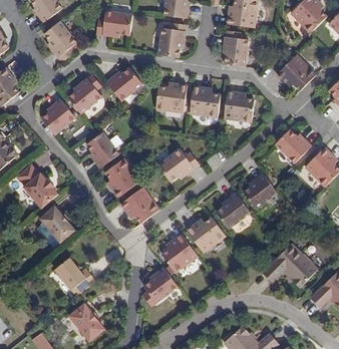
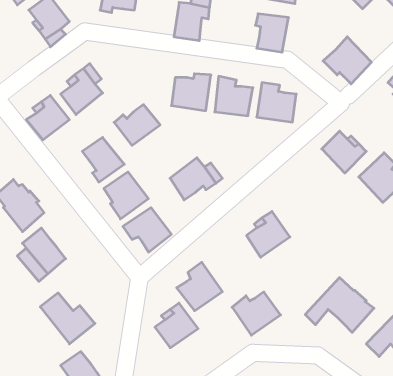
building: [108,69,144,101] -> [114,105,160,145]
building: [243,172,277,209] -> none
building: [187,217,225,251] -> [232,292,281,335]

